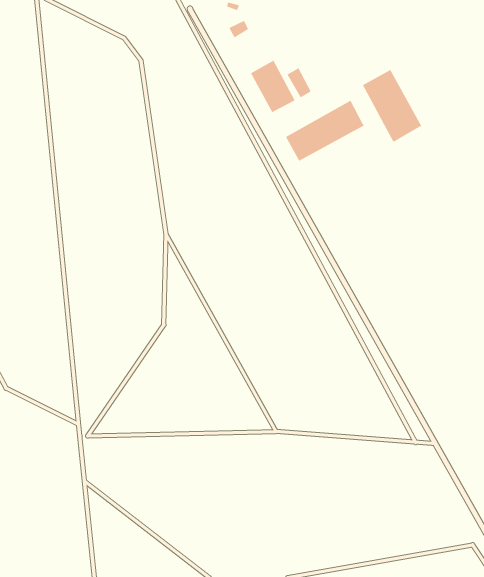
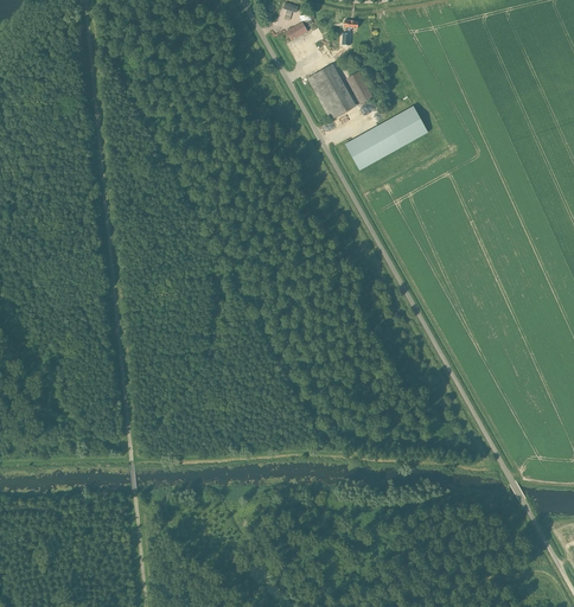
building: [362,69,422,142] -> none

